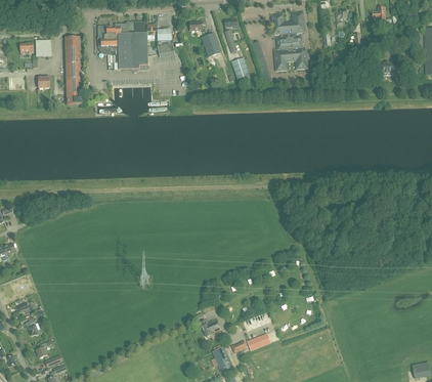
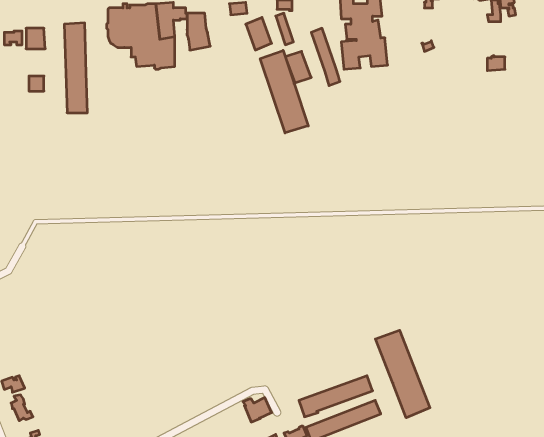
building: none -> [260,50,308,133]
building: none -> [375,330,430,418]

